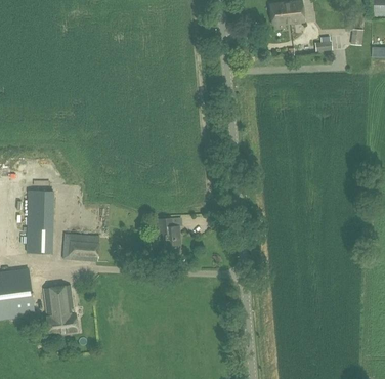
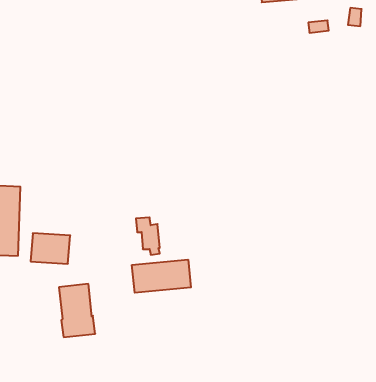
building: none -> [132,260,191,293]
building: [43,286,76,334] -> [59,284,95,337]

